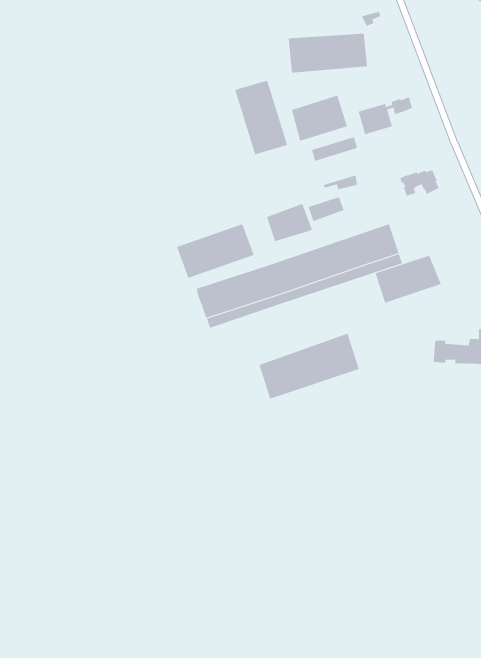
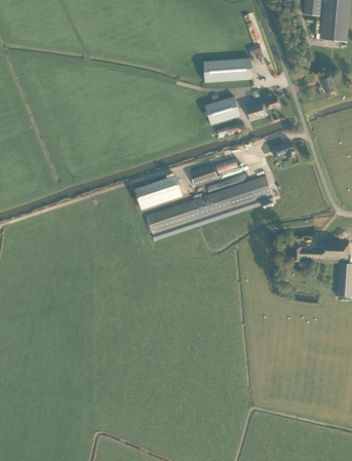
building: [235,80,288,155] -> none
building: [375,255,441,304] -> none
building: [259,333,360,400] -> none

